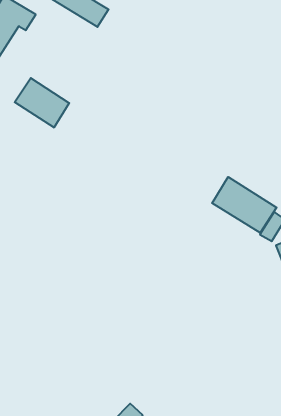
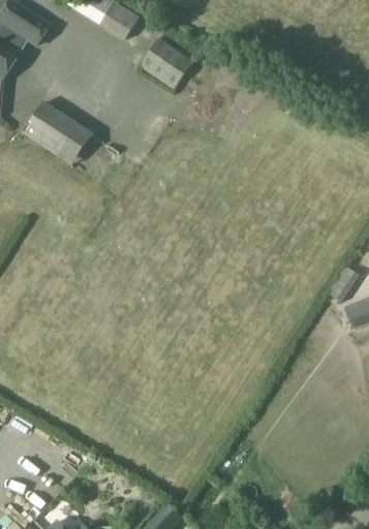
building: none -> [142,37,192,86]
building: [212,177,277,233] -> none

